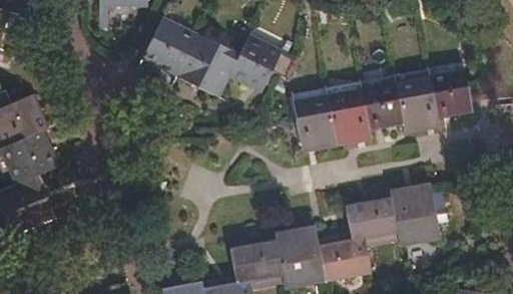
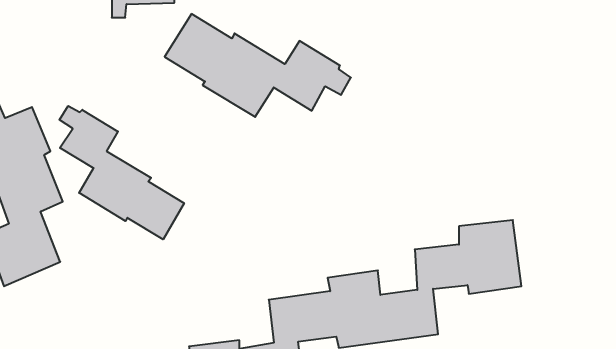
building: [291,74,465,151] -> none
building: none -> [59,106,184,239]

